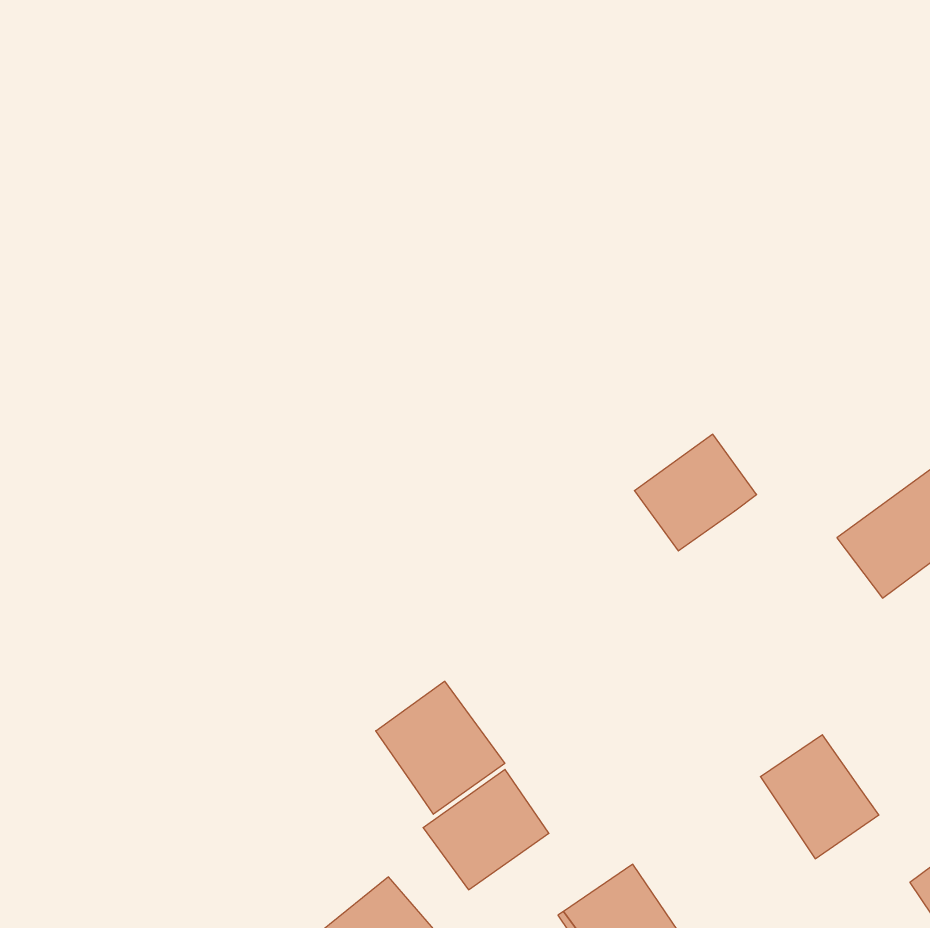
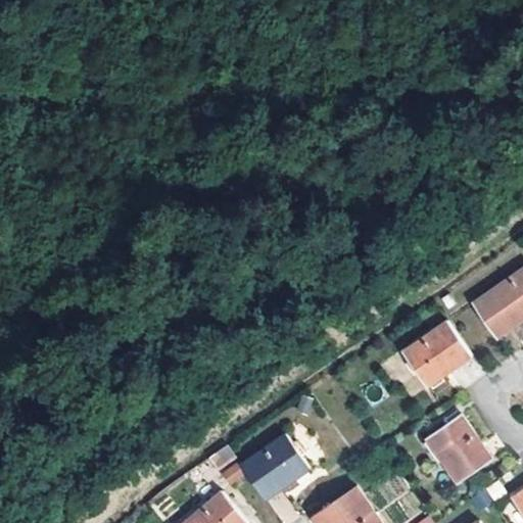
building: [634,434,757,551] -> [401,322,470,387]
building: [376,681,505,814] -> none

